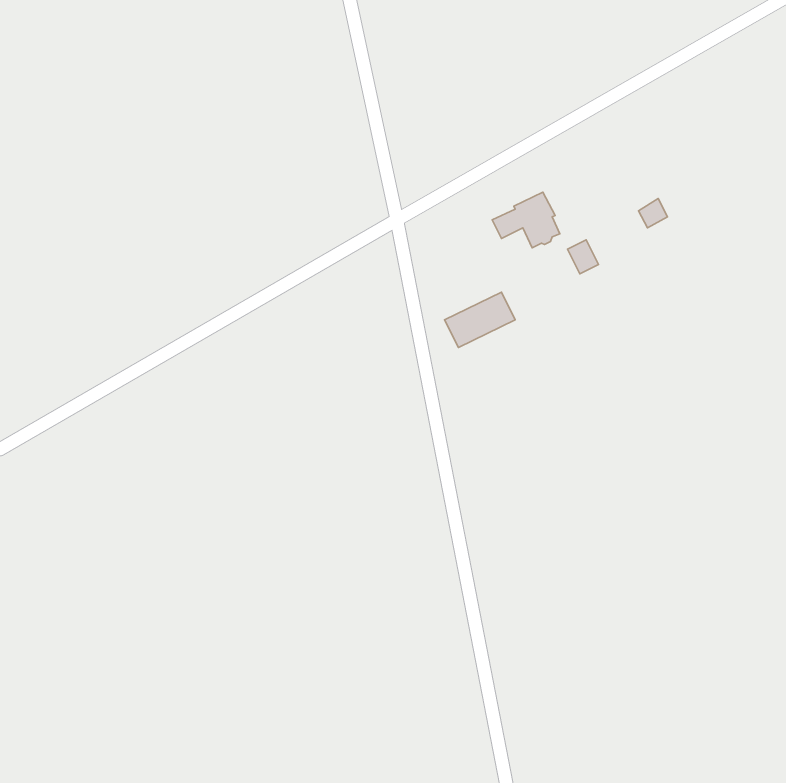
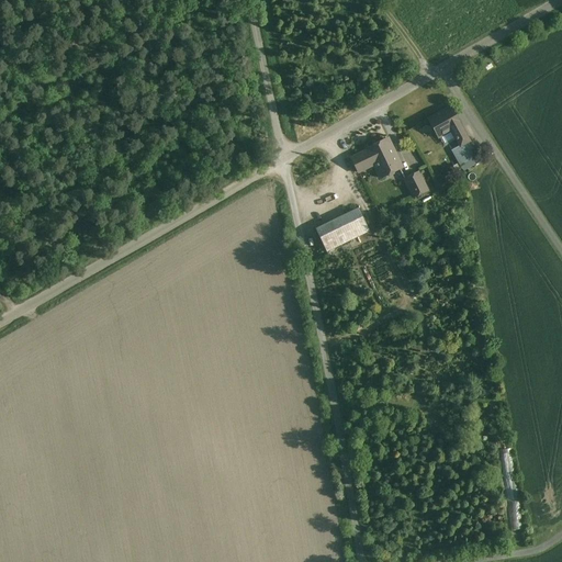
building: none -> [428,105,469,147]

